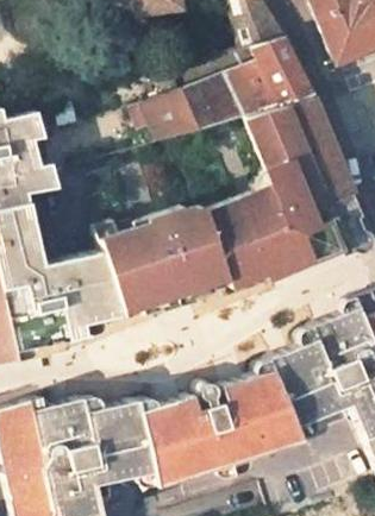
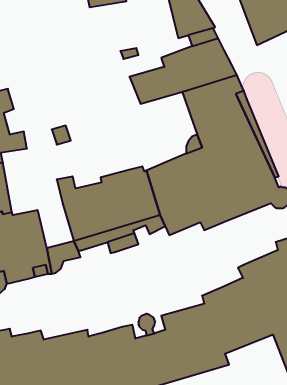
building: [132,90,196,140] -> none
building: [74,250,117,302] -> none

